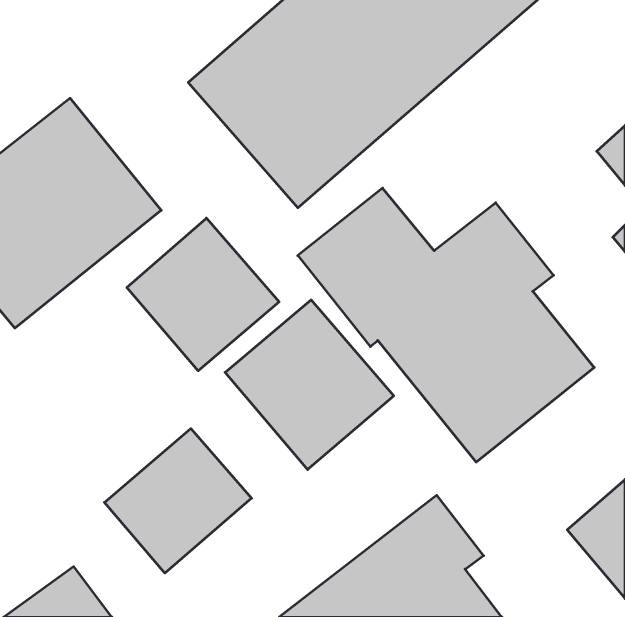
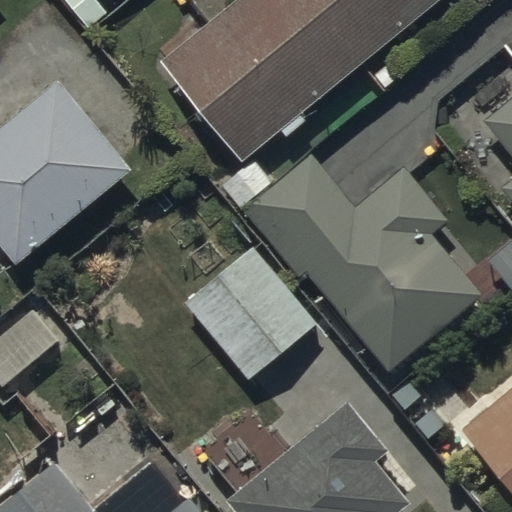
building: [127,218,279,371] -> none
building: [104,429,252,573] -> none

